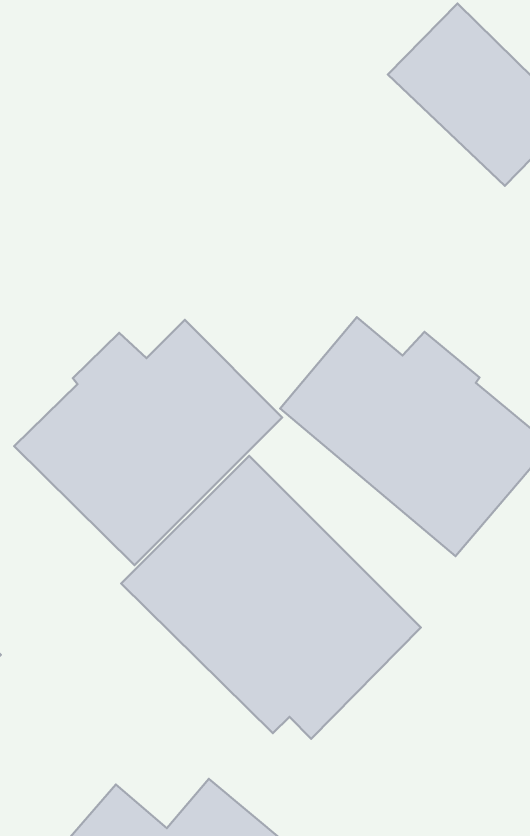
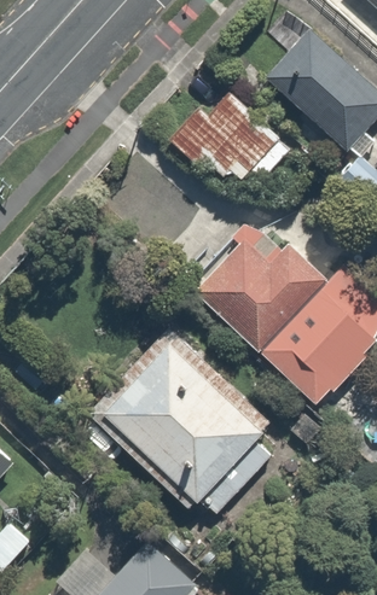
building: none -> [170,88,292,183]
building: [14,320,282,565] -> none

